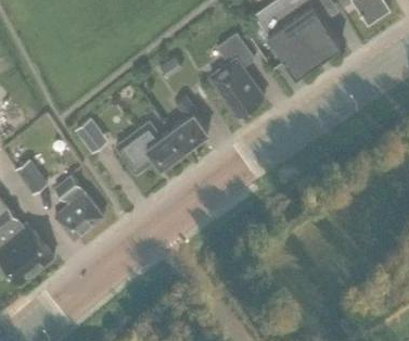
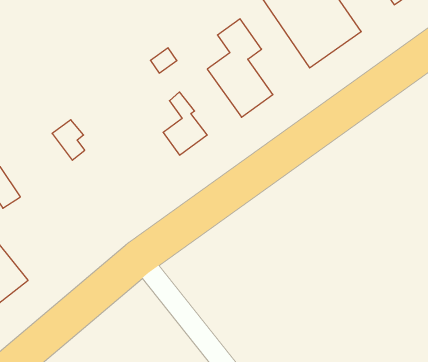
building: [116,122,184,175] -> none
building: [54,176,104,240] -> none

